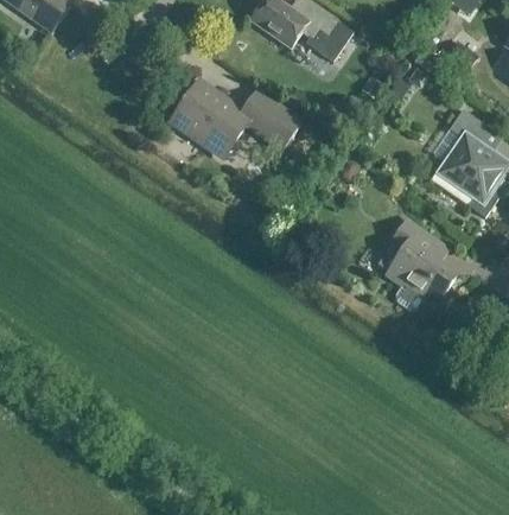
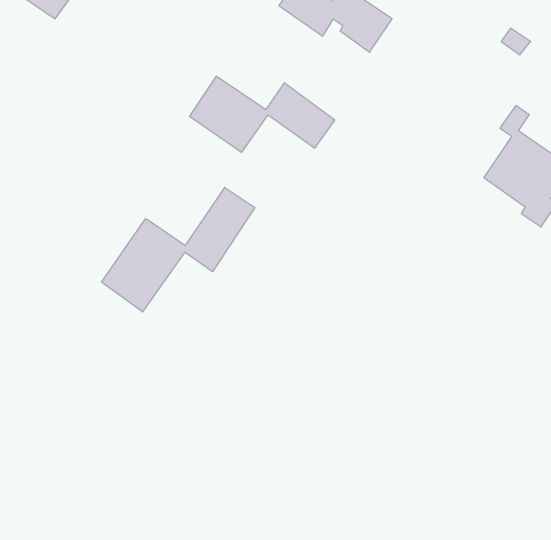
building: none -> [102,187,255,312]
building: [382,215,458,309] -> none

